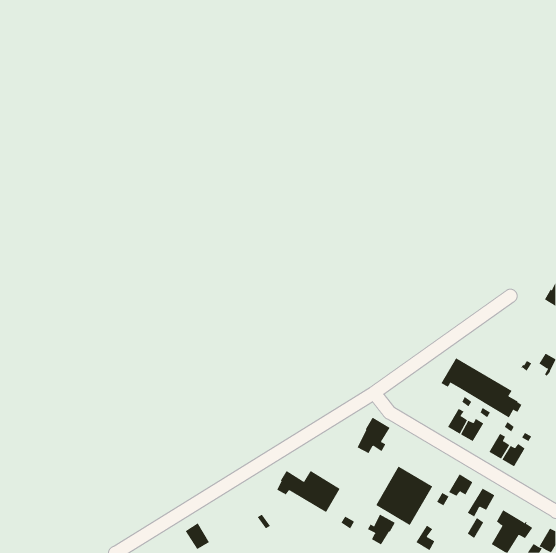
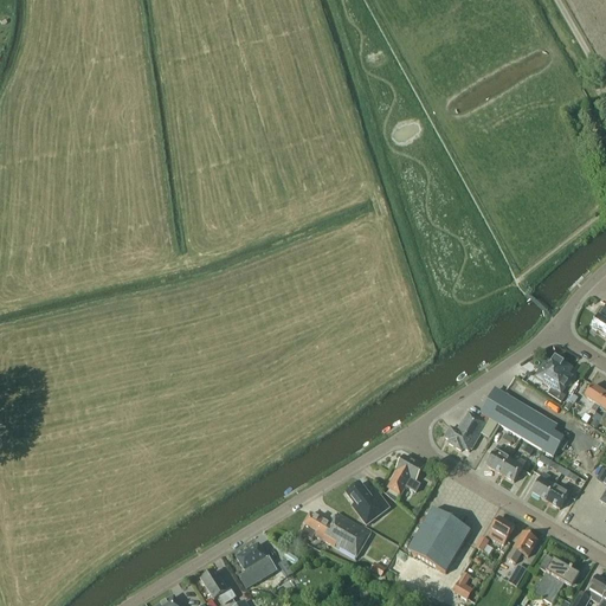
building: none -> [535,354,573,400]
building: none -> [445,411,498,450]
building: none -> [347,481,389,523]
building: none -> [238,542,271,584]
building: [367,514,395,545] -> none

